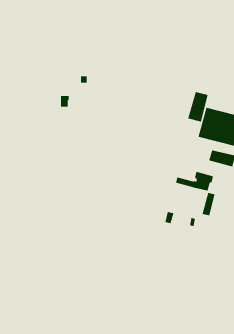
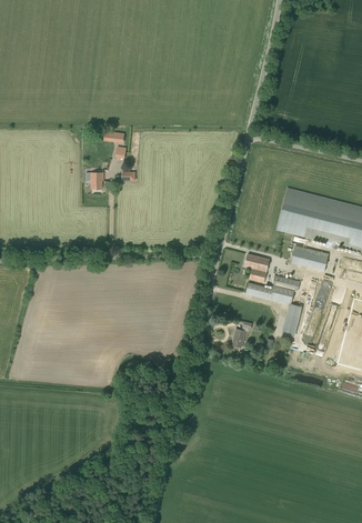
building: [187,91,209,122] -> none
building: none -> [244,253,270,282]

